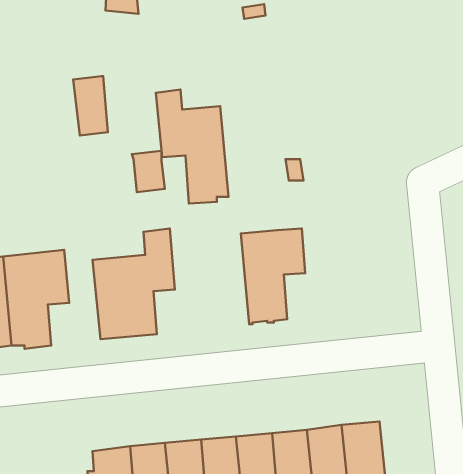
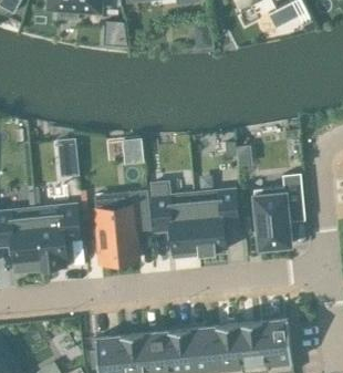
building: [73,76,108,136] -> [55,138,79,178]
building: [156,90,228,203] -> [150,182,199,258]
building: none -> [252,174,303,248]

